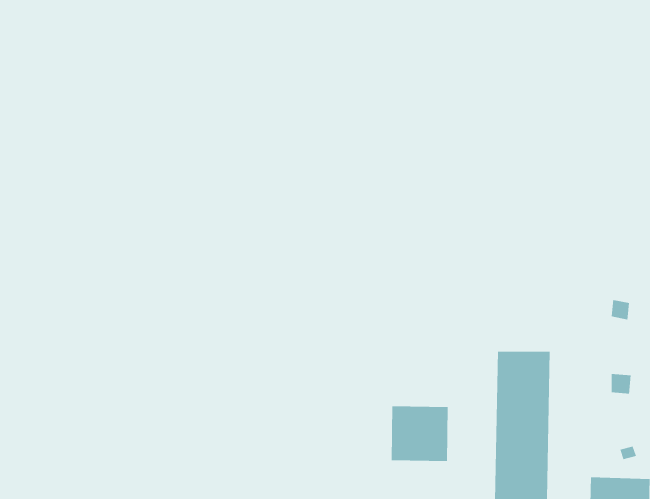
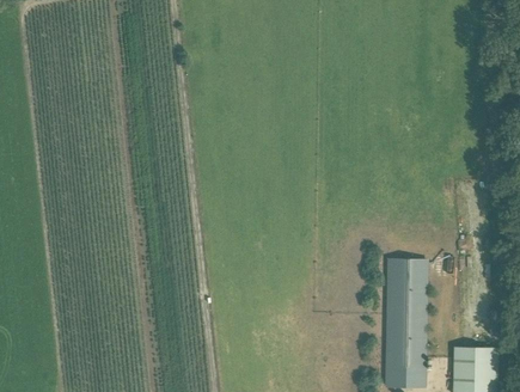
building: [391,405,448,462] -> none

